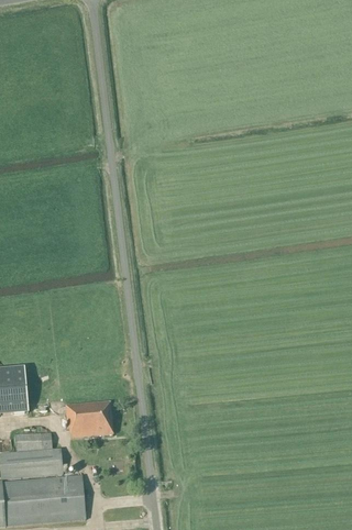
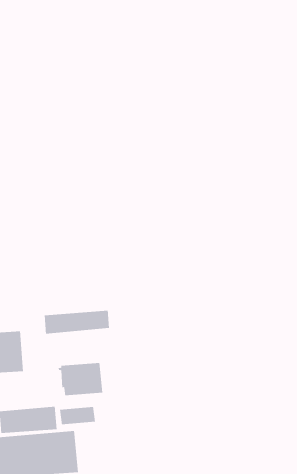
building: none -> [44,310,110,334]
building: [14,431,54,451] -> [59,406,96,425]

